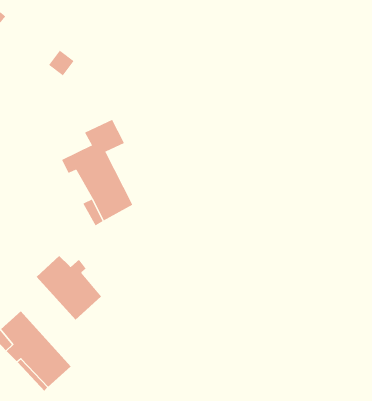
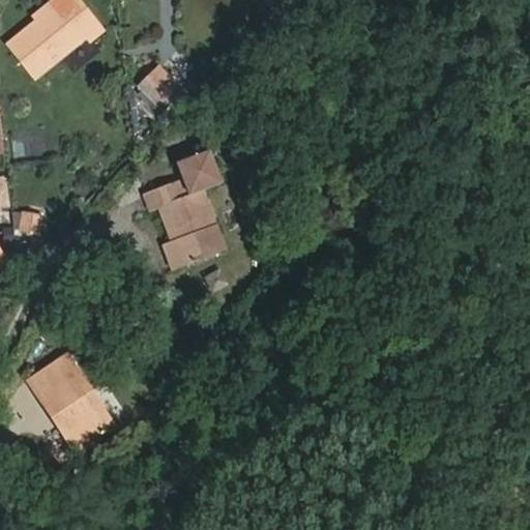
building: [36,255,102,321] -> none

